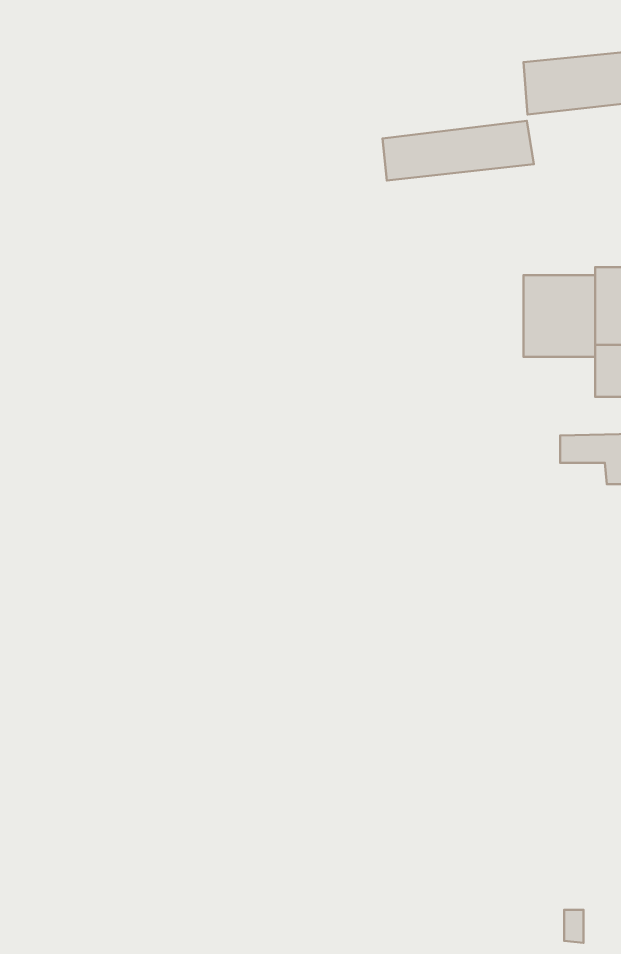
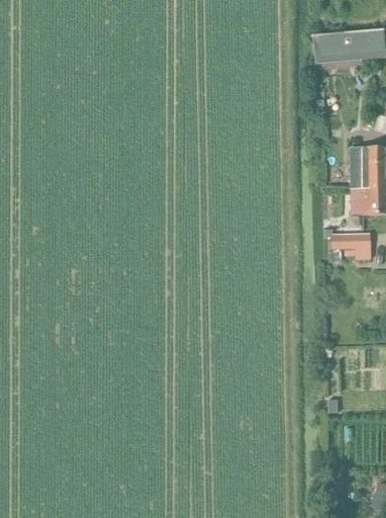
building: [382,121,534,180] -> none
building: [524,275,595,357] -> none

